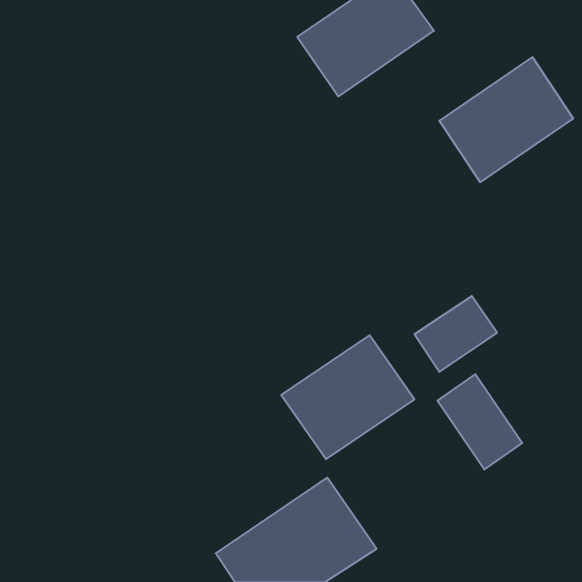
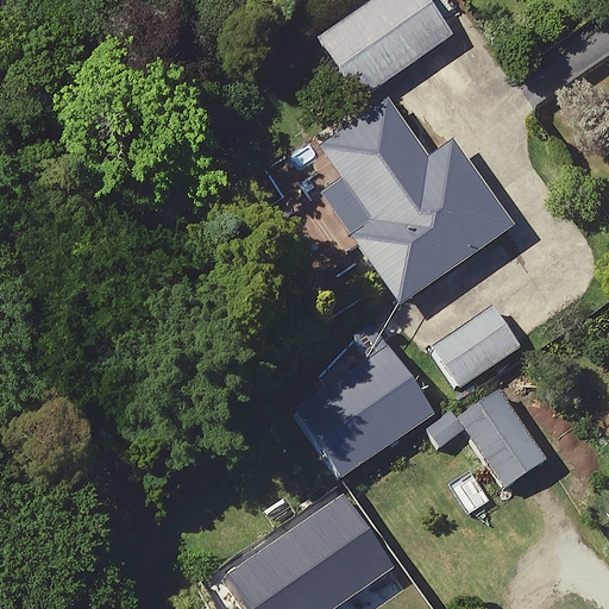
building: [439,57,573,182] -> none
building: none -> [314,96,511,303]

